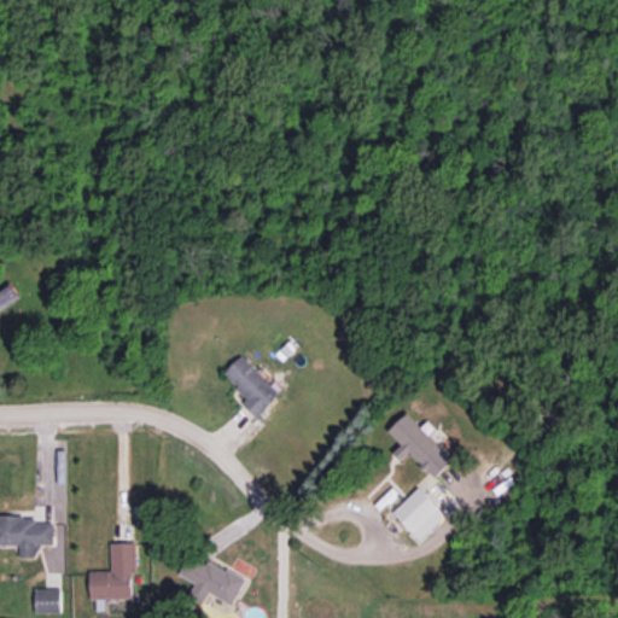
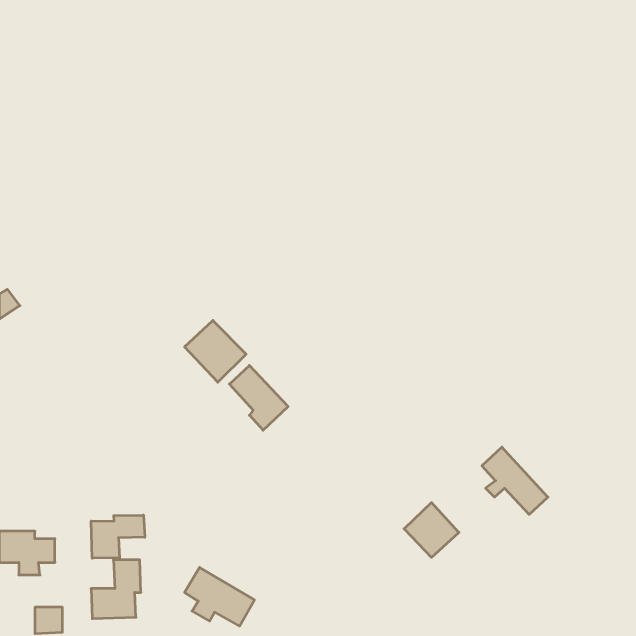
building: none -> [185,320,246,382]
building: [387,413,451,478] -> [482,447,548,514]
building: none -> [91,515,145,558]

